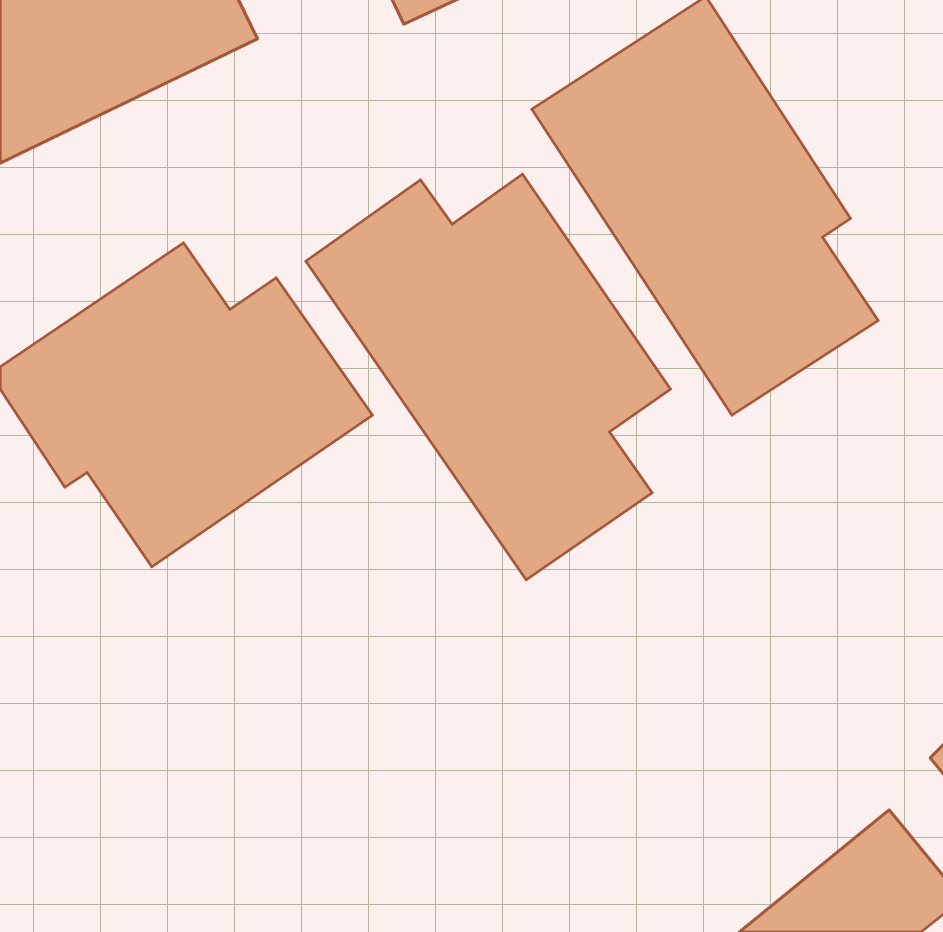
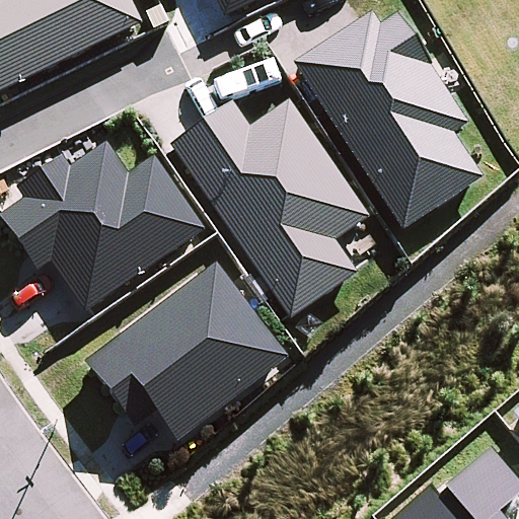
building: none -> [85,258,288,440]

